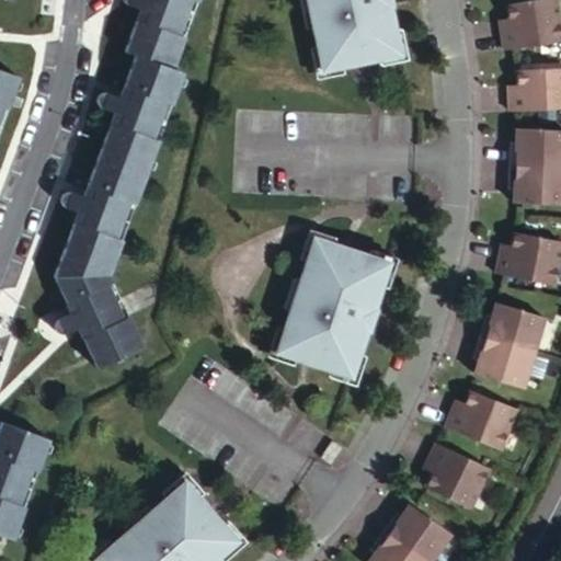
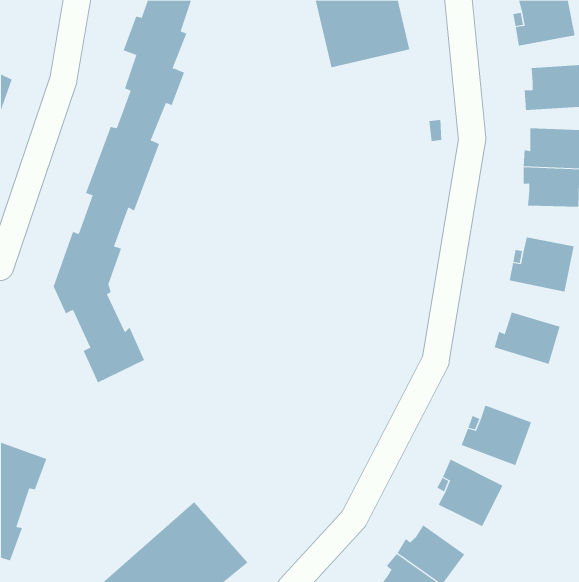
building: [279,238,390,377] -> none
building: [473,336,531,388] -> none

